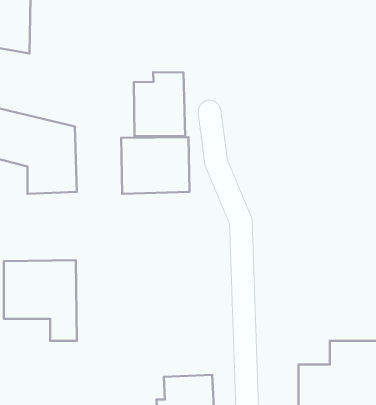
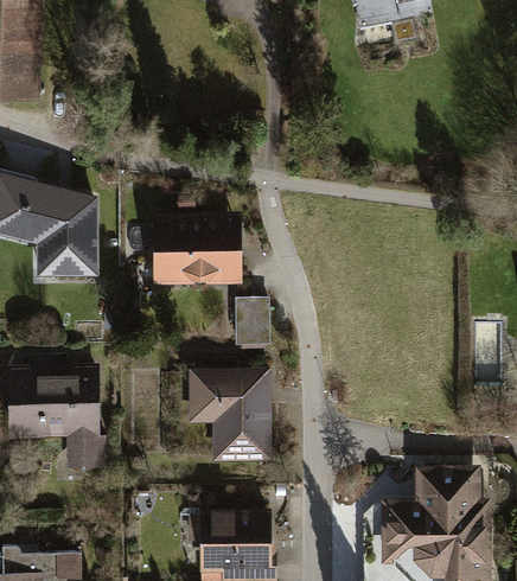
building: [134,72,185,136] -> none
building: none -> [232,299,268,350]
building: none -> [186,370,268,459]

